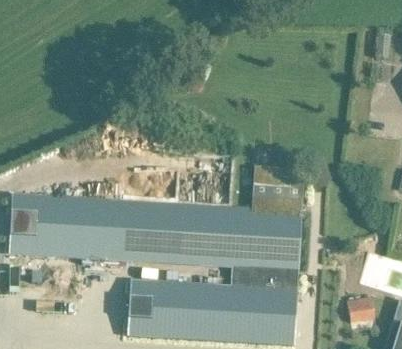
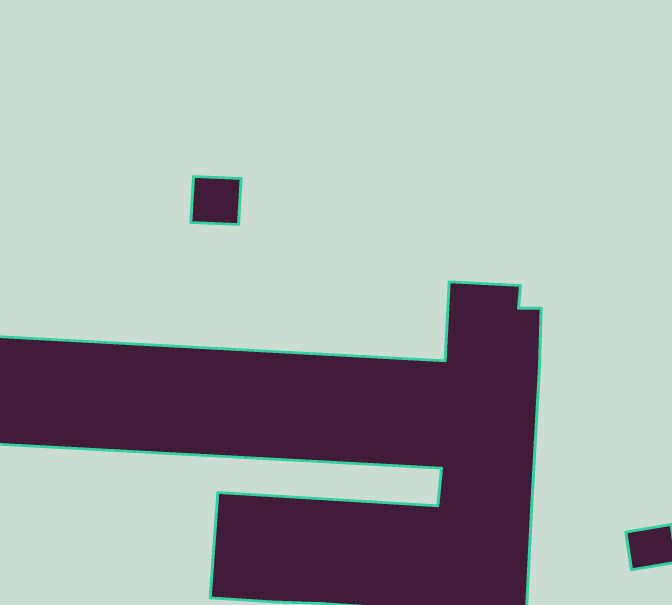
building: none -> [191,177,241,224]

